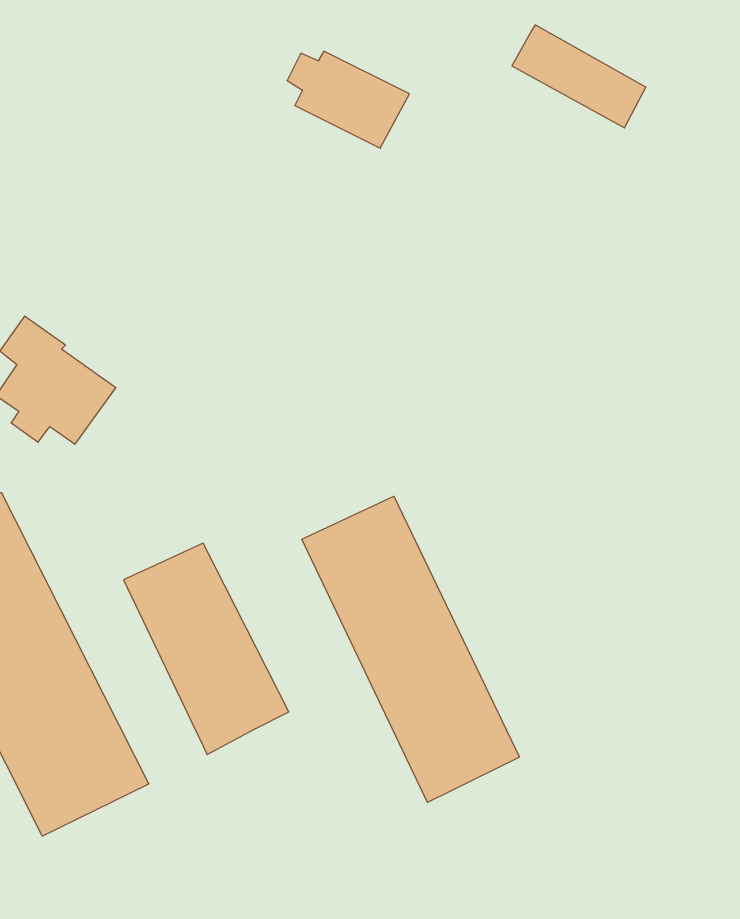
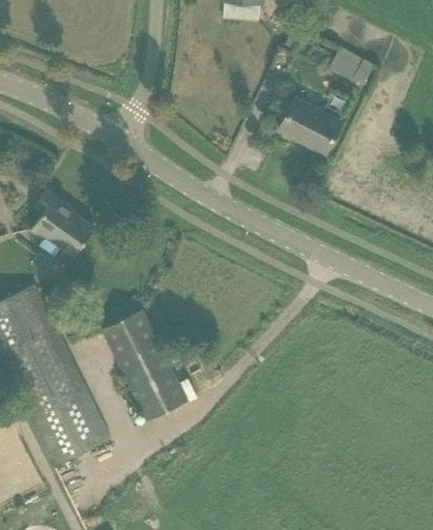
building: [287,51,409,148] -> [275,100,340,152]
building: [302,496,519,802] -> none

